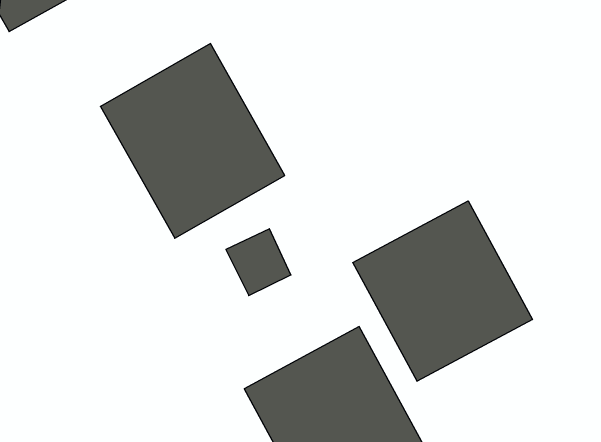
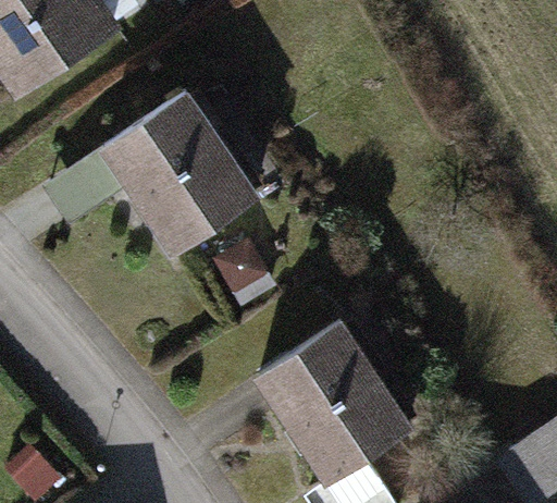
building: [353,201,532,381] -> none

